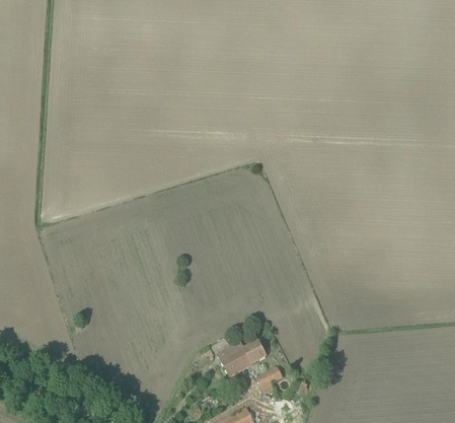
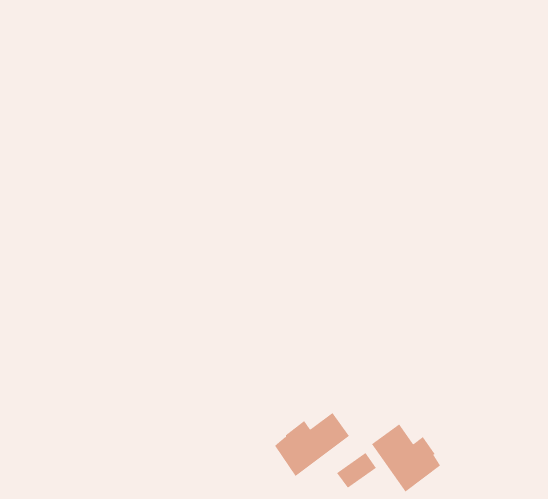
building: none -> [371,423,441,493]

